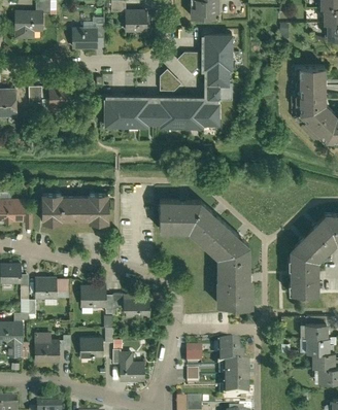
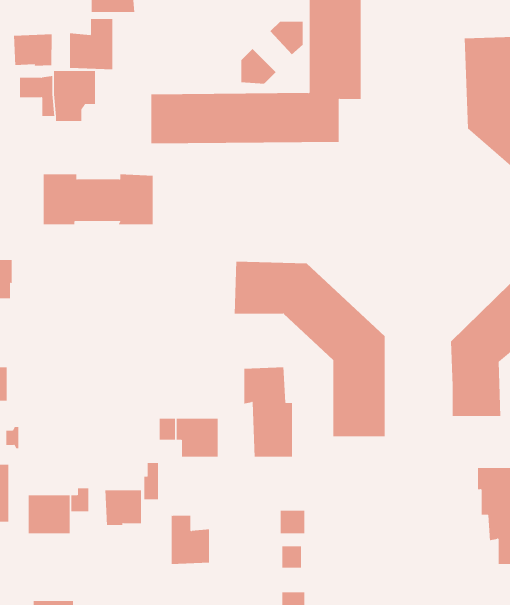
building: none -> [70,18,113,70]
building: none -> [14,34,52,66]
building: [41,193,108,224] -> [43,174,154,225]
building: [35,277,57,300] -> none
building: [80,284,105,308] -> none
building: [218,344,248,399] -> [243,367,293,457]

